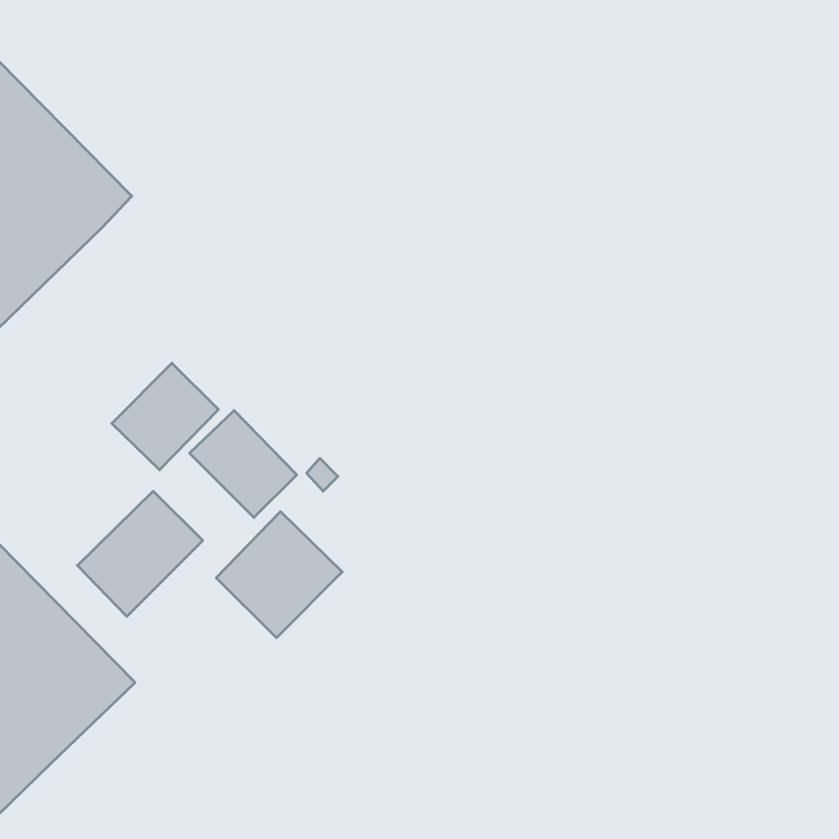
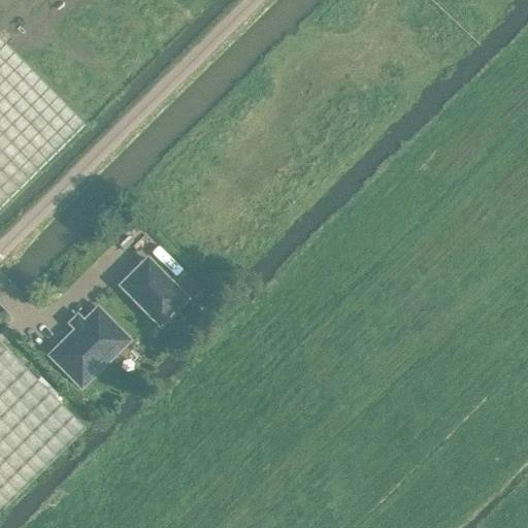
building: [112,363,218,470] -> none
building: [216,512,342,638] -> none

